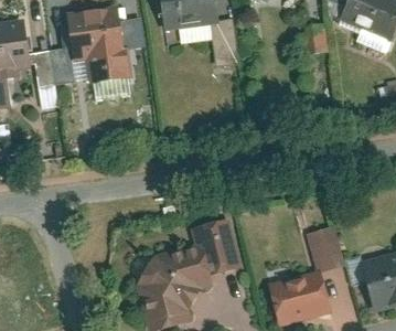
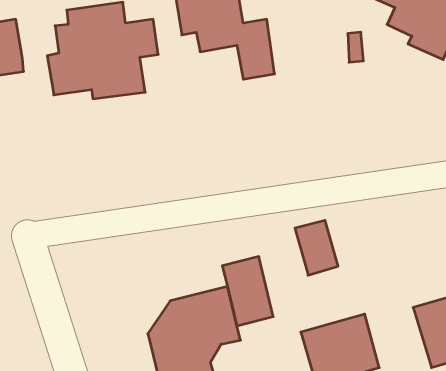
building: [31,49,57,85] -> none
building: [310,225,346,271] -> [295,220,338,275]

